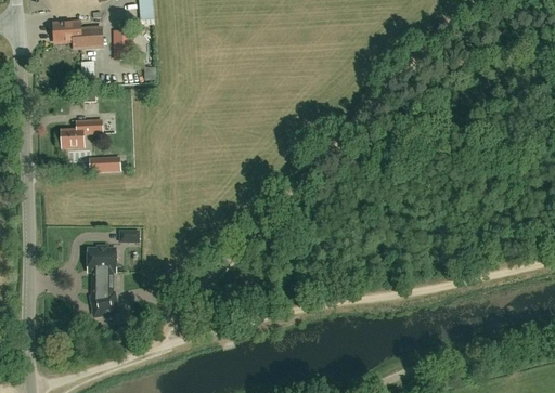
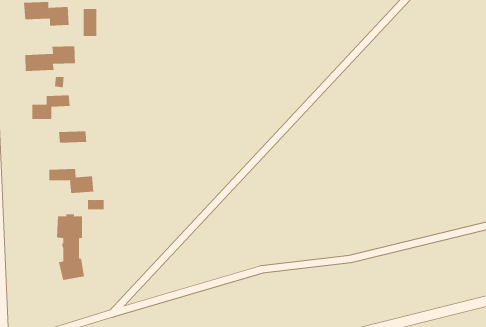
building: none -> [25,45,75,72]
building: none -> [49,168,94,194]

